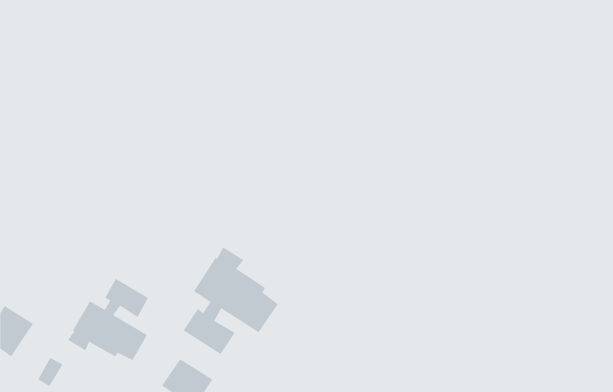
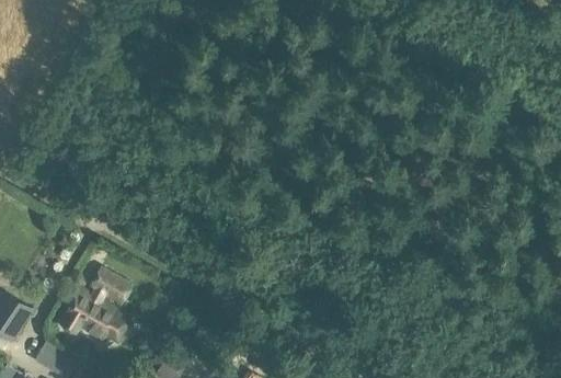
building: [183,247,278,355] -> none

